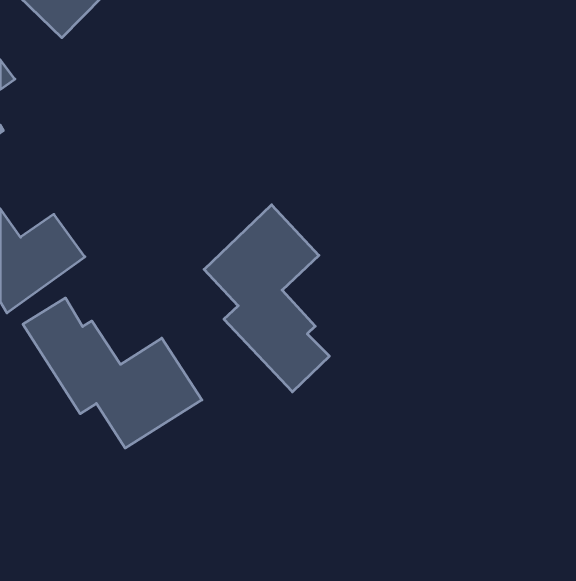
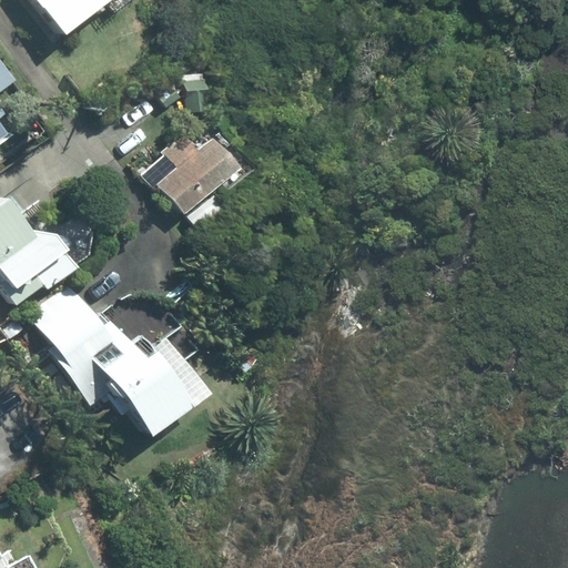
building: none -> [153,135,235,216]
building: [204,205,329,392] -> none

